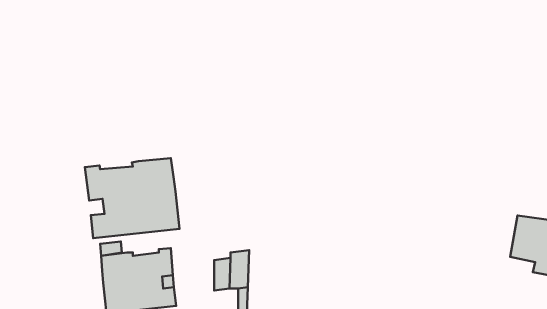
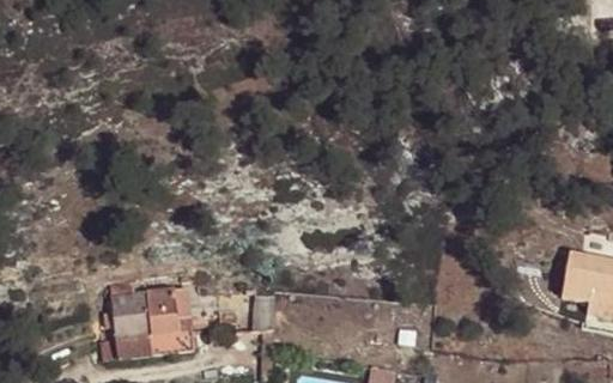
building: [85,158,179,238] -> none

